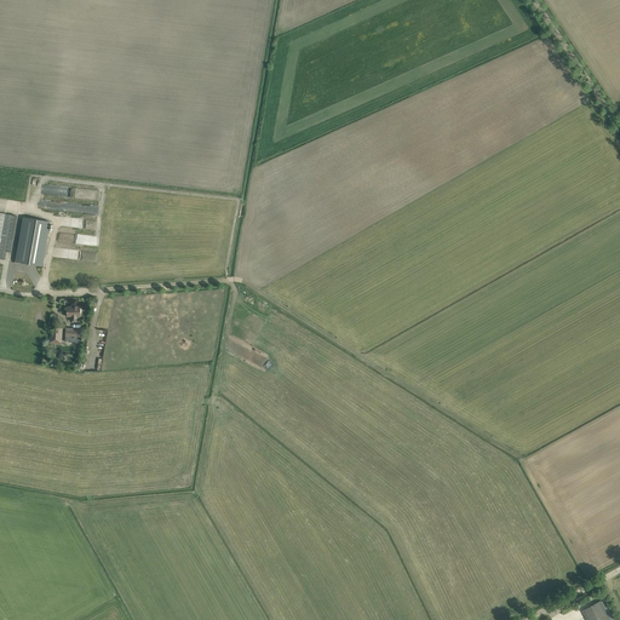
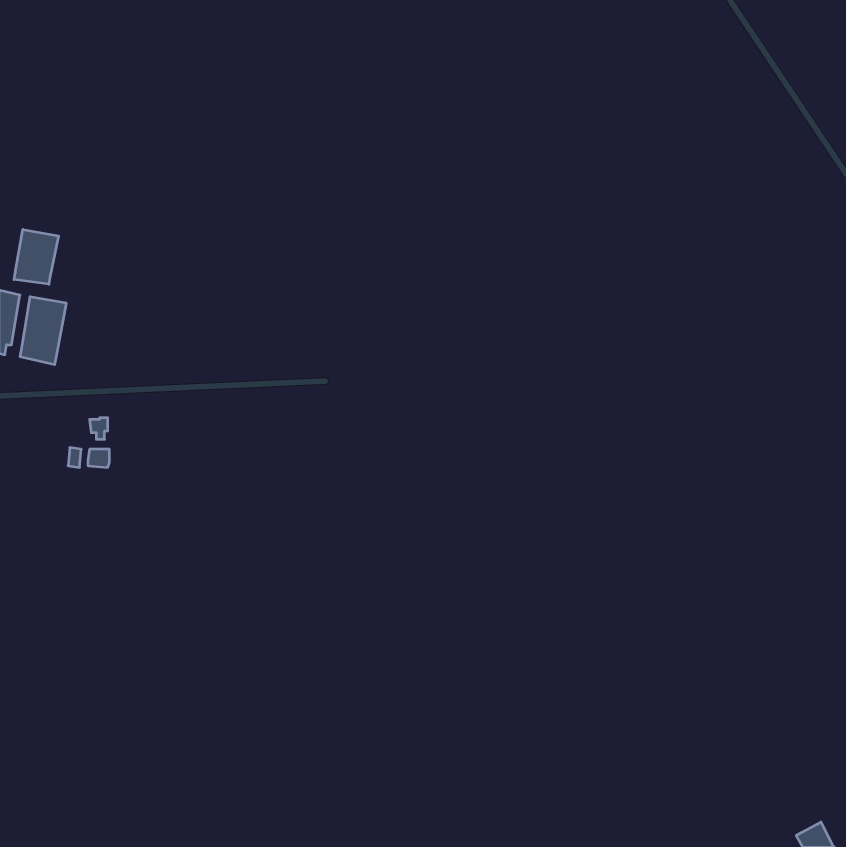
building: none -> [14,229,59,284]

